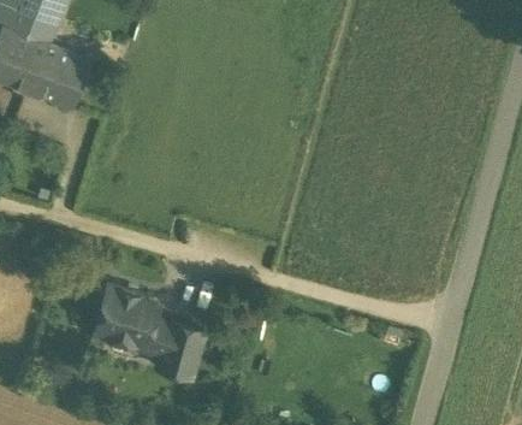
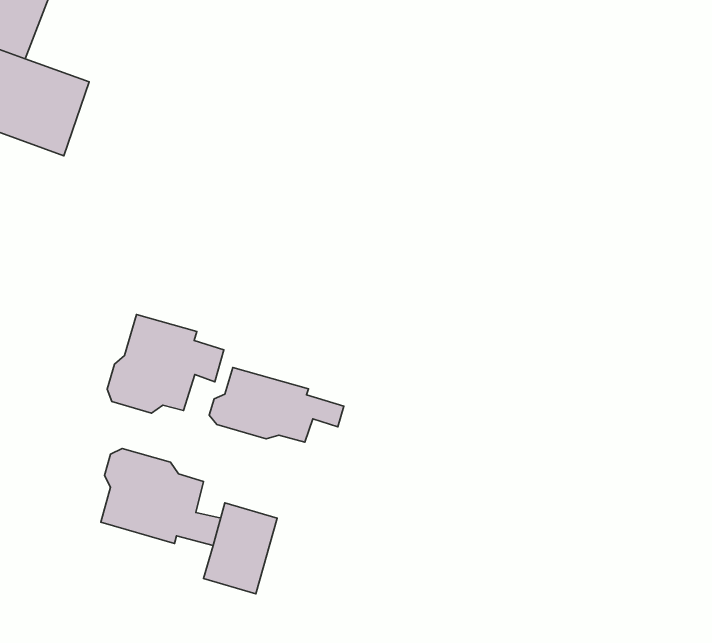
building: none -> [107,314,224,413]
building: none -> [209,367,344,442]

